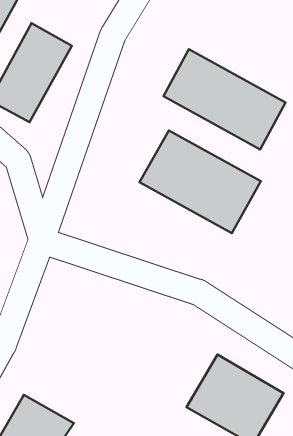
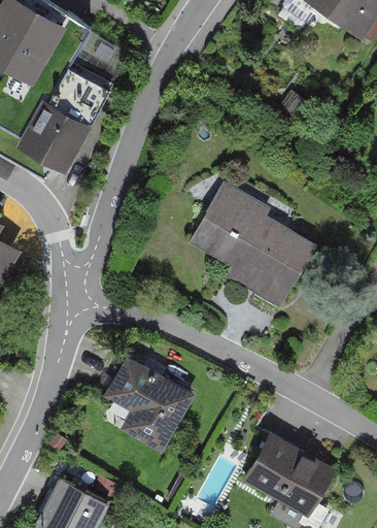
building: [164,49,285,149] -> none
building: none -> [93,357,200,460]

